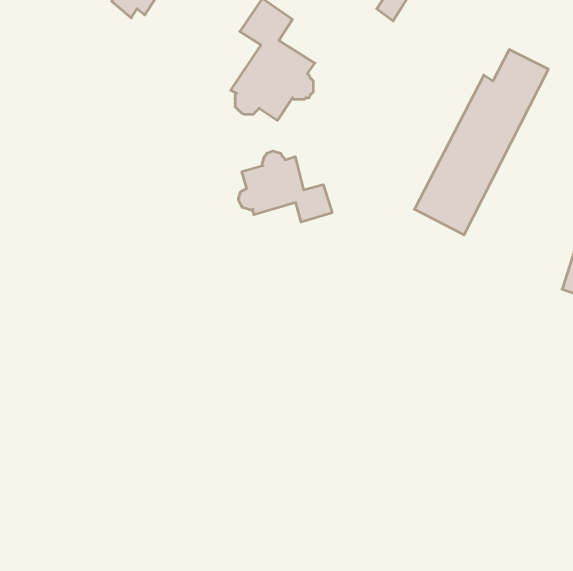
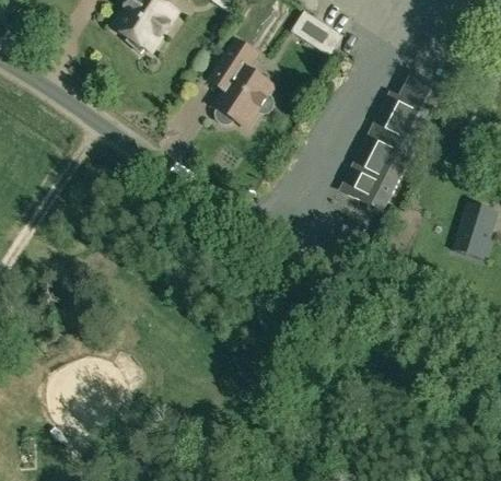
building: [239,151,332,222] -> none

